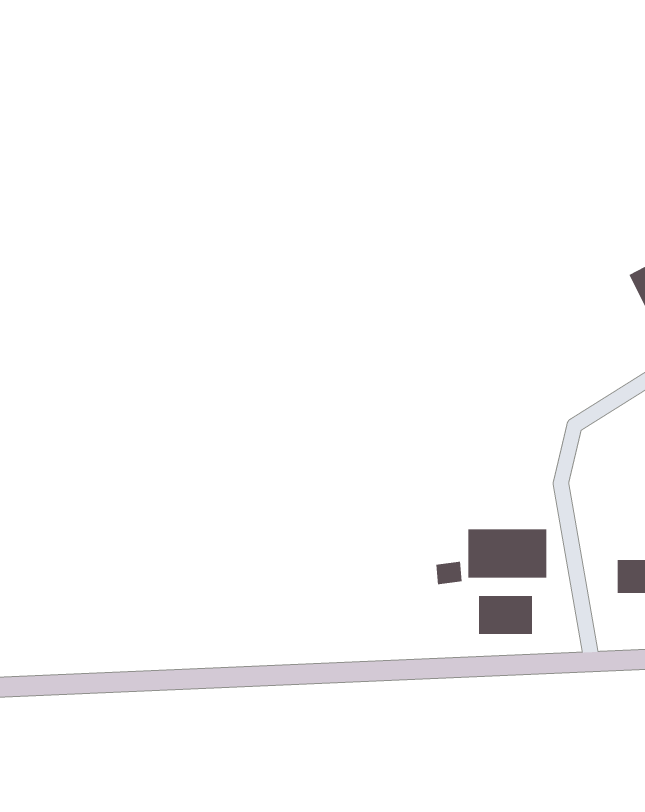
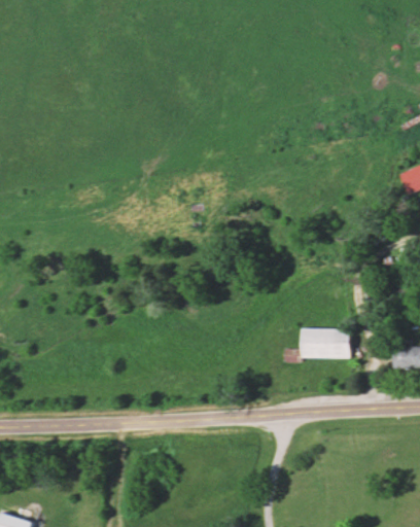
building: [479,595,533,635] -> none

